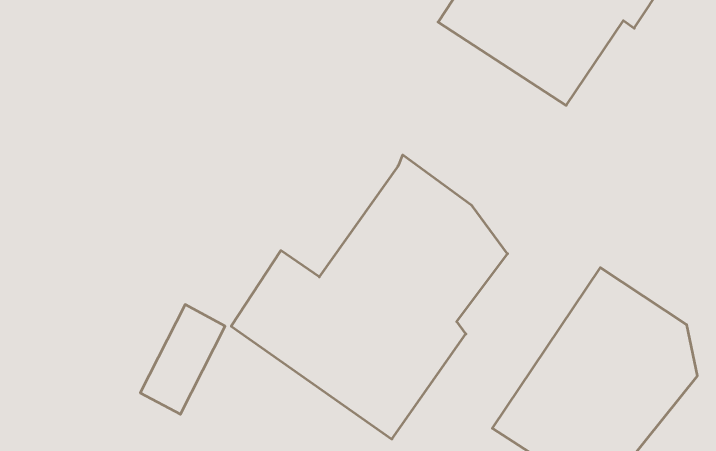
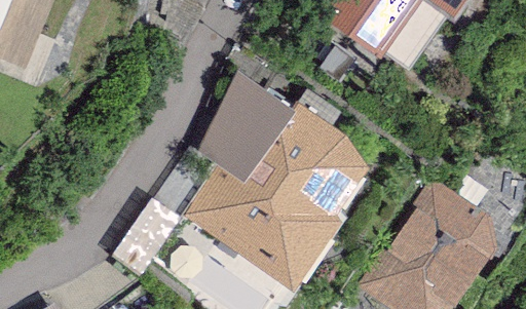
building: none -> [198,71,297,185]

